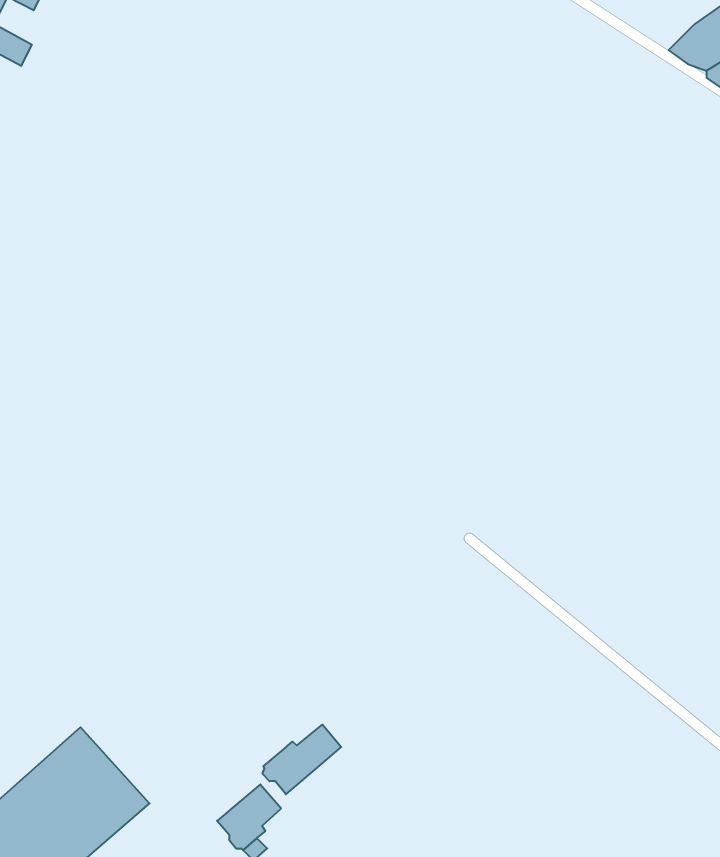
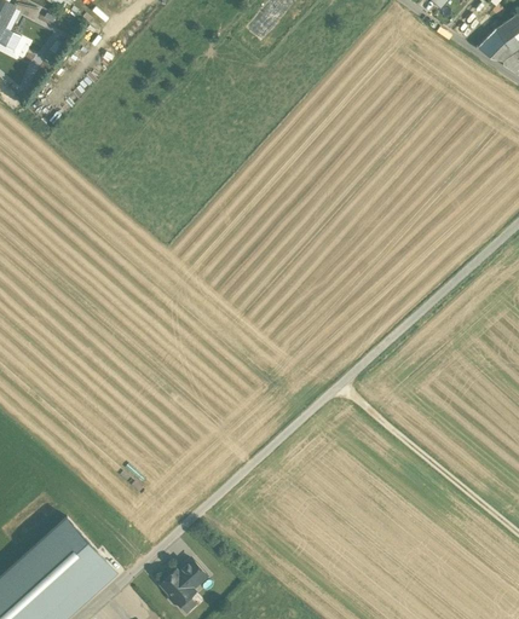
building: [263,725,341,794] -> none

